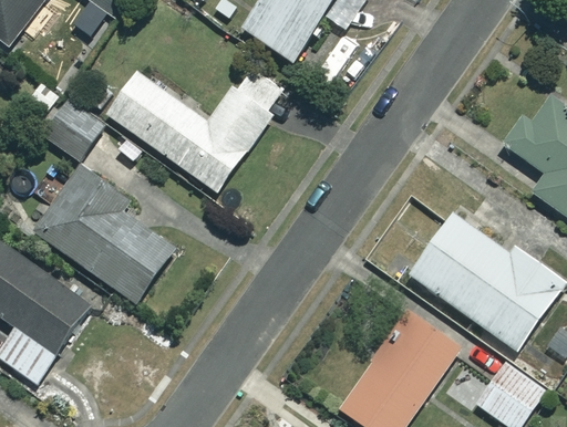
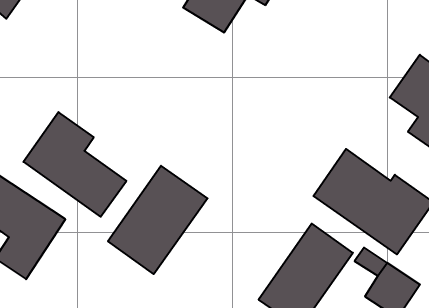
building: [105,64,289,192] -> none
building: [40,98,102,159] -> none
building: none -> [108,166,208,274]

